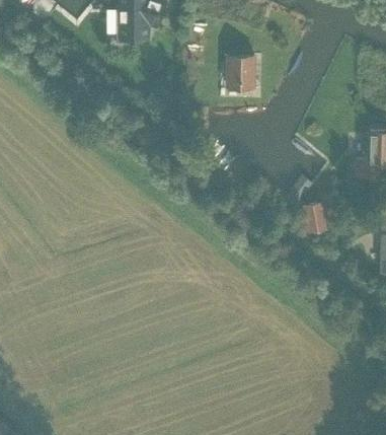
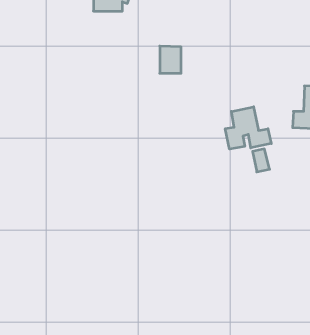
building: [227,57,252,89] -> [160,46,181,73]
building: none -> [225,107,271,149]

